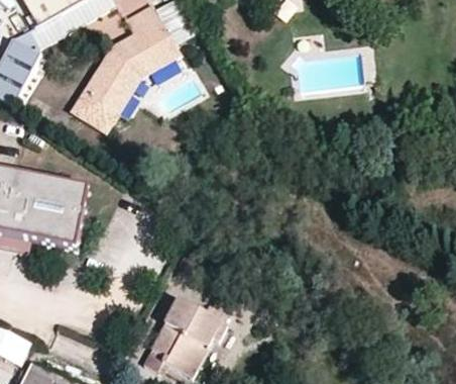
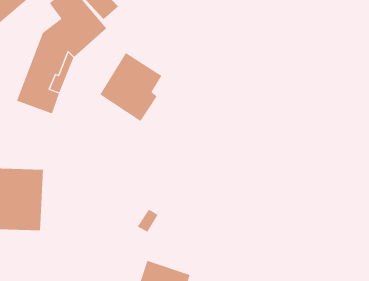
building: none -> [99,52,162,122]

